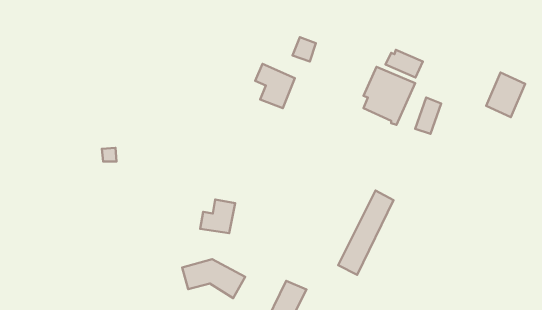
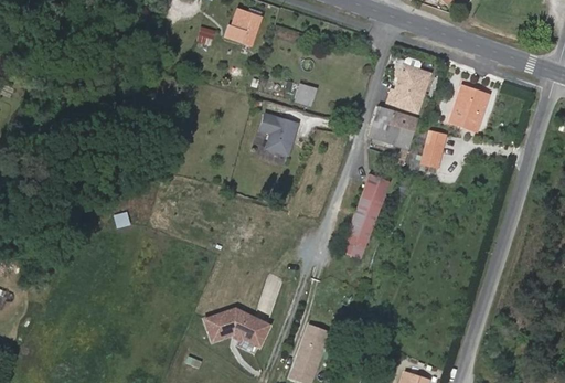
building: none -> [395,63,430,95]
building: [486,72,525,117] -> [450,86,487,129]
building: [338,191,394,275] -> [340,173,388,258]
building: [200,199,235,233] -> none

